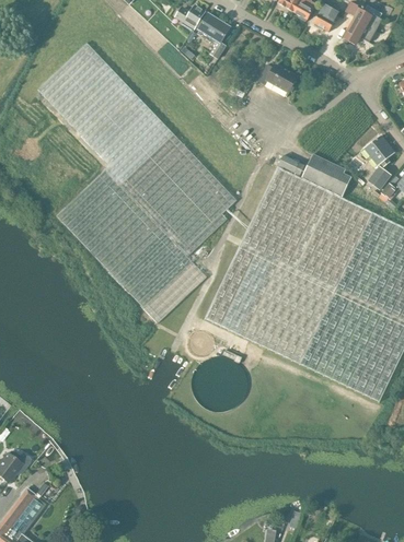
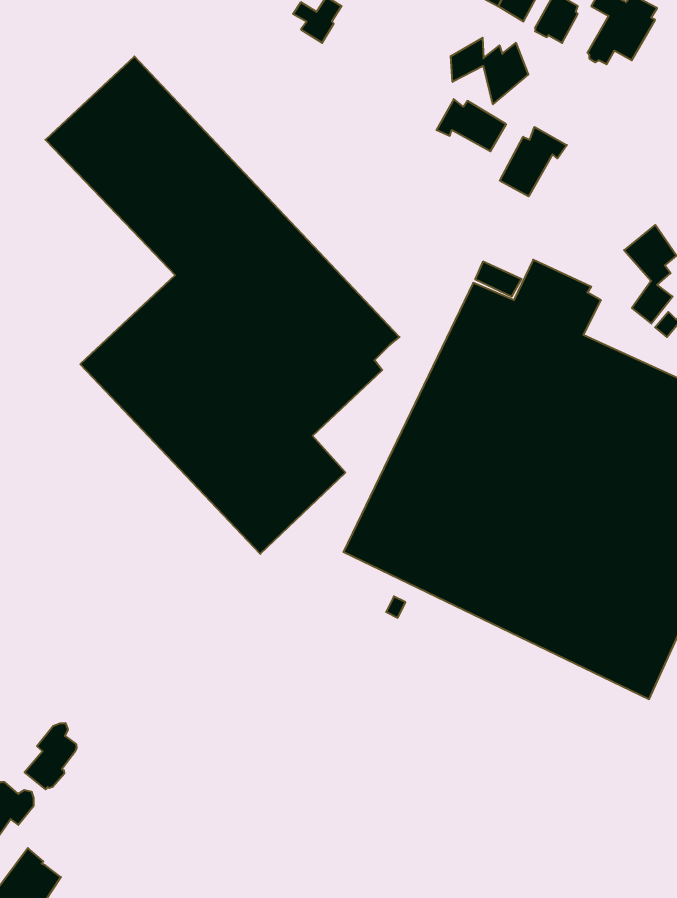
building: [198,14,230,59] -> none
building: none -> [451,38,528,104]
building: none -> [500,127,567,196]
building: none -> [25,723,76,789]

